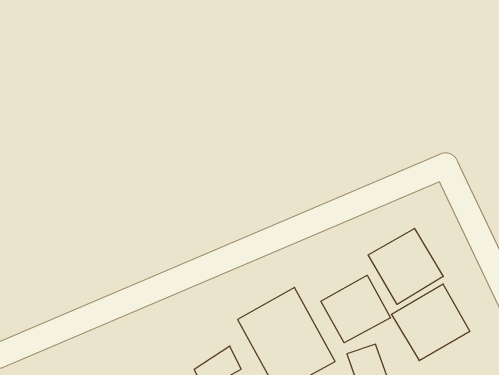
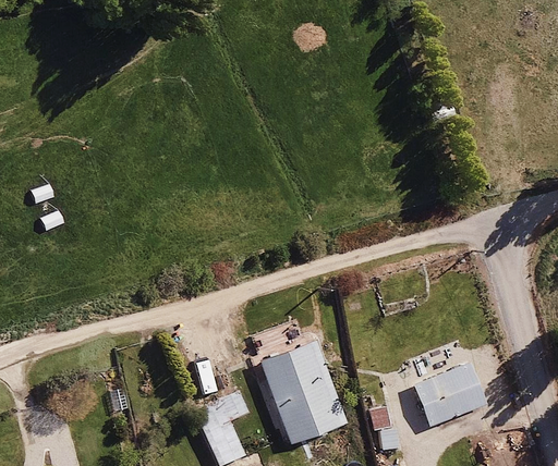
building: [368,228,443,304] -> none
building: [321,275,391,343] -> none

